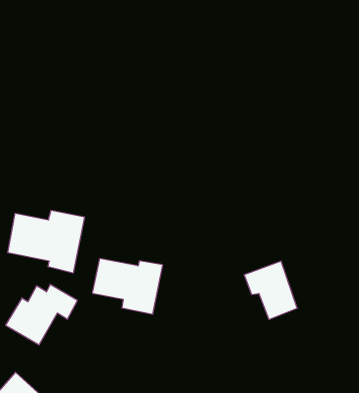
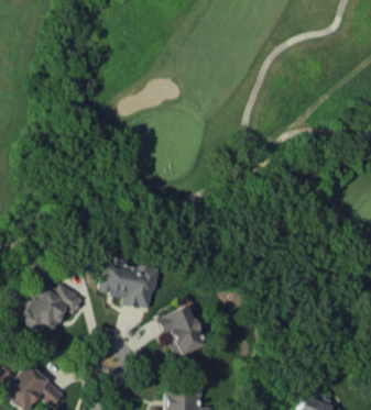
building: [8,210,85,273] -> none
building: [244,261,297,319] -> [157,304,205,356]

